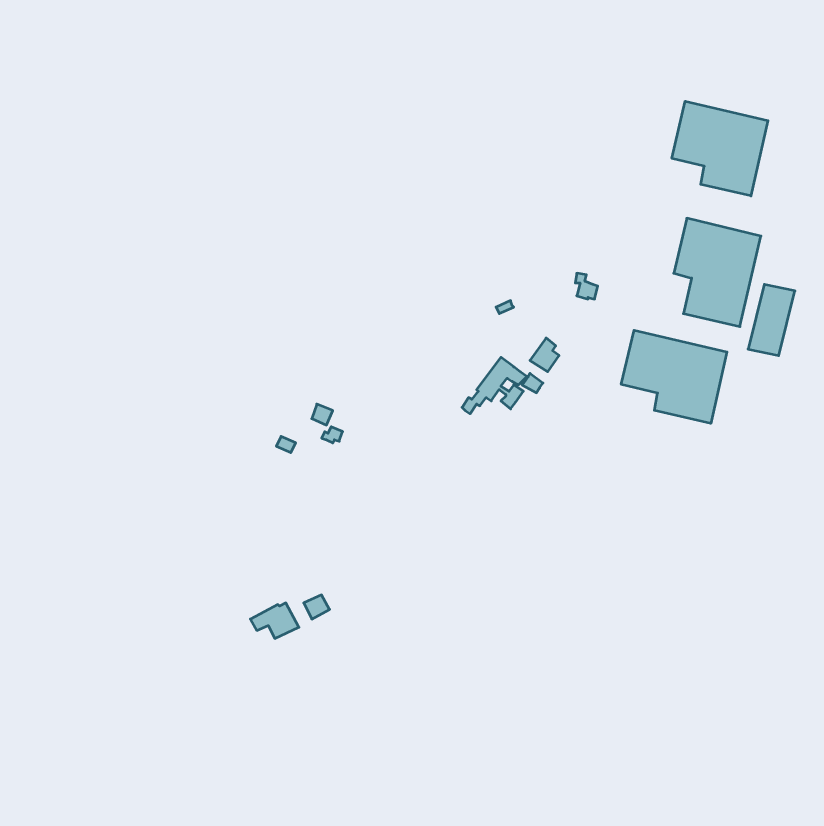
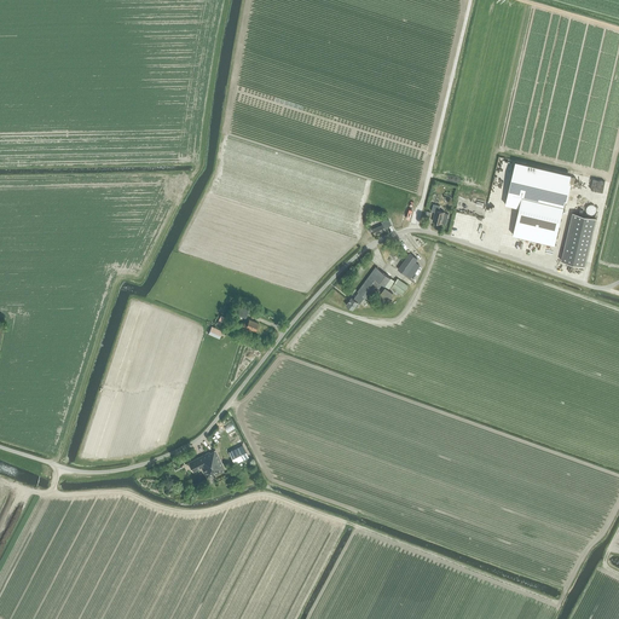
building: [672,101,768,196] -> none
building: [621,330,727,423] -> none

